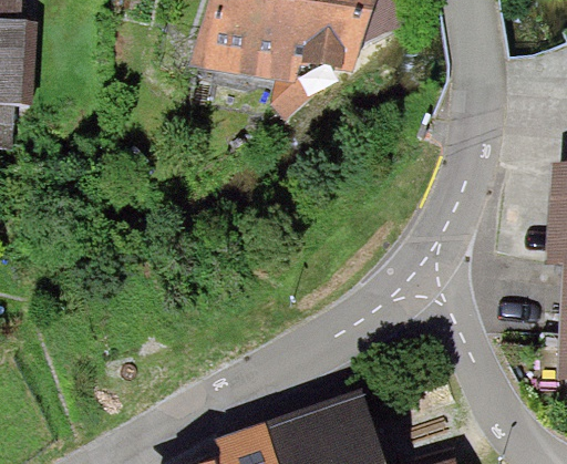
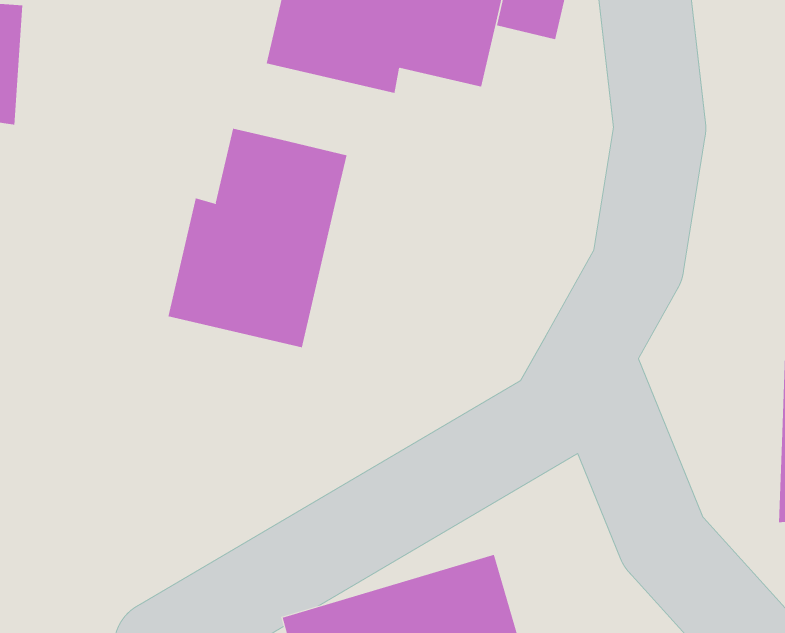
building: none -> [168,128,347,348]

